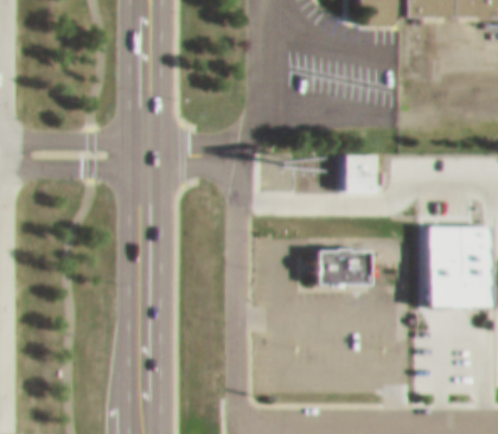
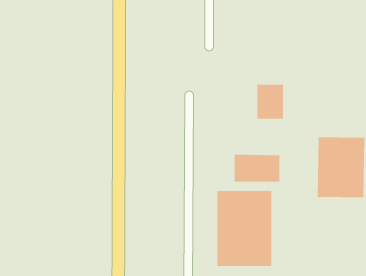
building: none -> [217,190,272,267]

